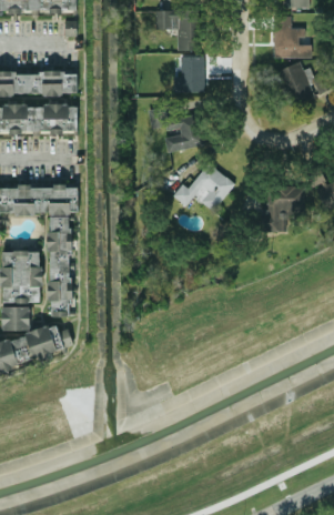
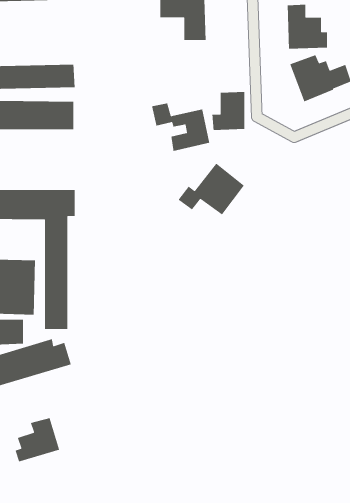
building: [173,55,204,92] -> [212,91,245,131]
building: [266,185,304,231] -> none
building: none -> [14,417,60,463]

